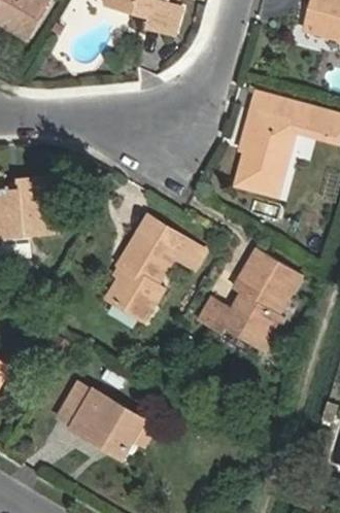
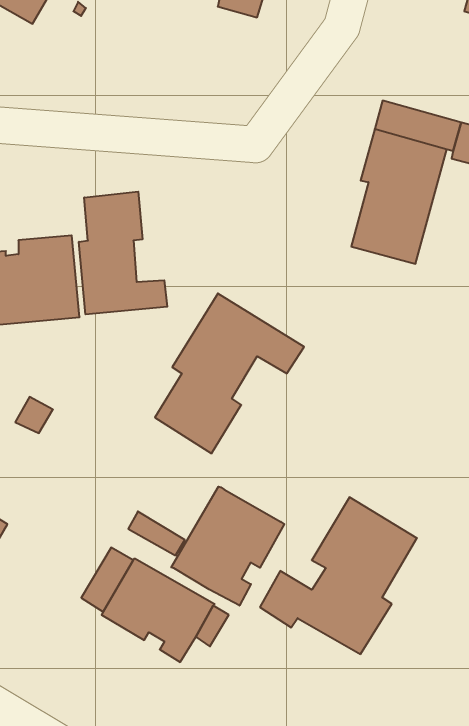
building: none -> [79,192,167,314]
building: [197,247,300,350] -> [260,497,417,654]
building: none -> [171,487,284,606]

